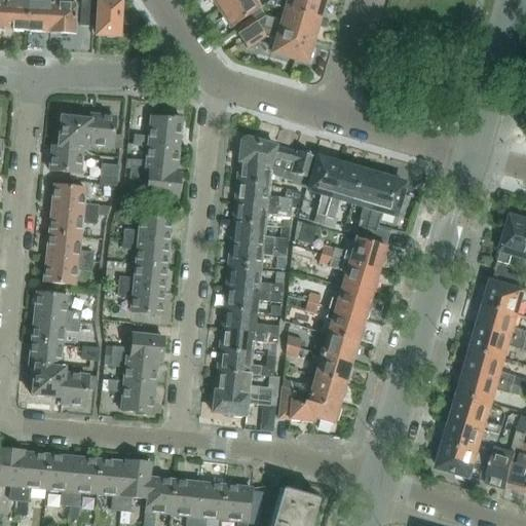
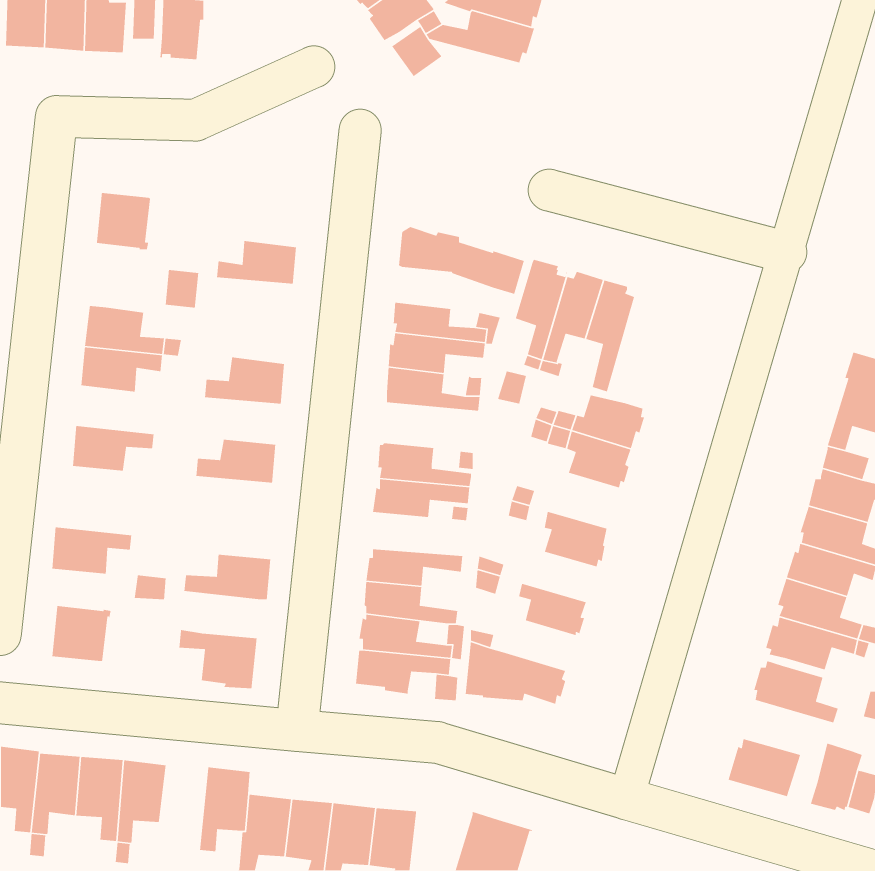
building: [258,24,313,61] -> none
building: [88,113,123,147] -> none
building: [133,115,182,148] -> none
building: [49,144,84,172] -> none
building: [237,160,296,185] -> none
building: [129,166,181,196] -> none
building: [365,175,407,241] -> none
building: [46,231,95,260] -> none
building: [122,238,170,266] -> none
building: [229,241,288,265] -> none
building: [329,284,373,316] -> none
building: [117,286,164,313] -> none
building: [34,292,81,321] -> none
building: [223,307,279,333] -> none
building: [313,331,359,361] -> none
building: [30,341,65,366] -> none
building: [110,354,157,382] -> none
building: [61,370,98,405] -> none
building: [302,372,347,402] -> none
building: [444,419,500,452] -> none
building: [97,458,125,510] -> none

